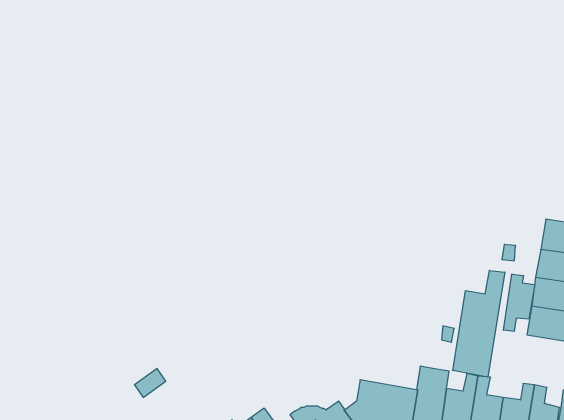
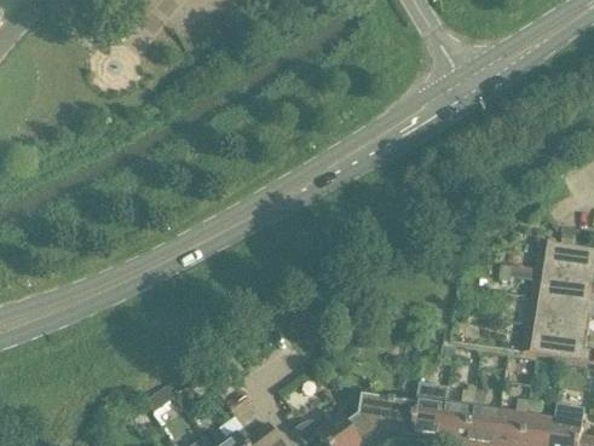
building: [453,270,505,377] -> none
building: [504,274,535,331] -> none

